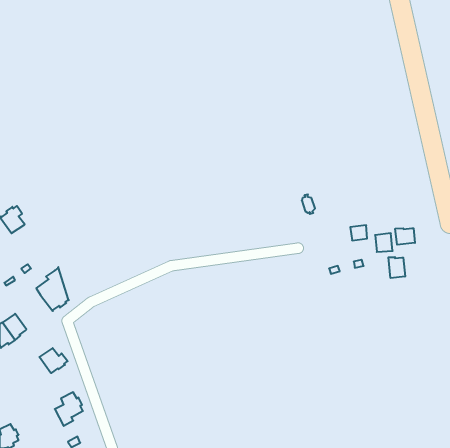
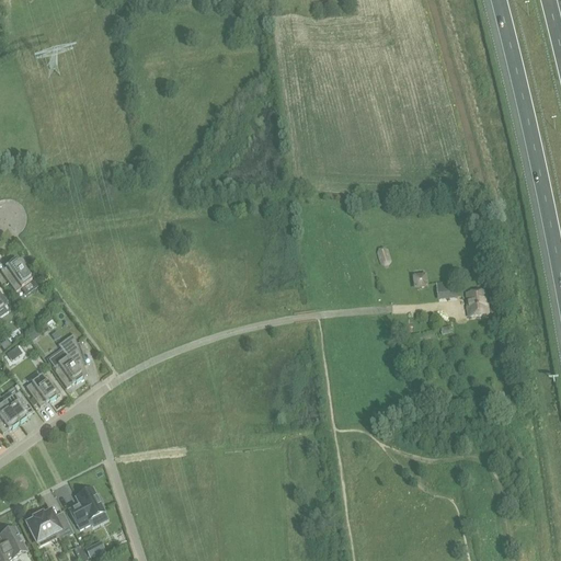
building: [395,228,415,245] -> none
building: [388,257,405,278] -> none
building: [39,348,68,373] -> [24,374,59,404]
building: none -> [26,510,71,543]

